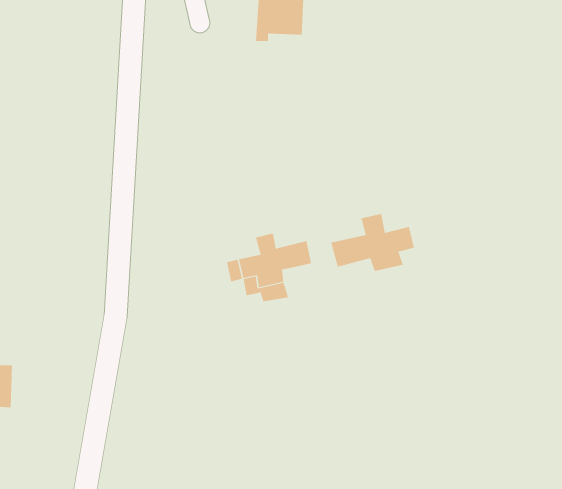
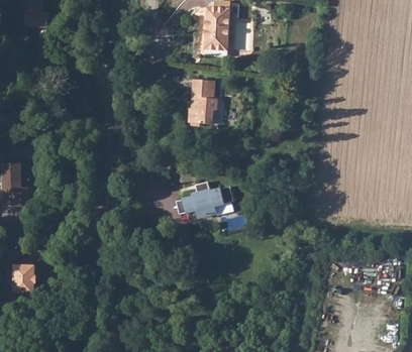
building: none -> [188,78,217,124]
building: [331,213,414,272] -> none

